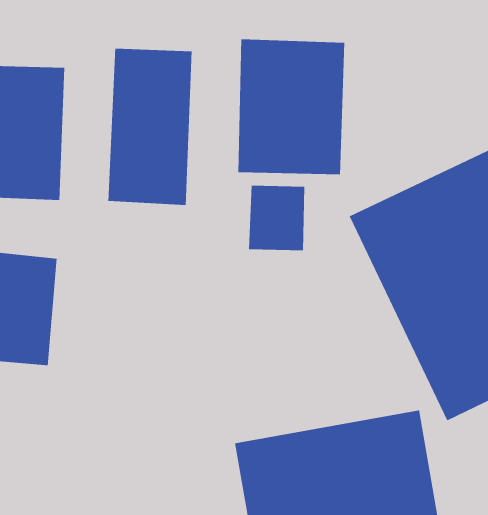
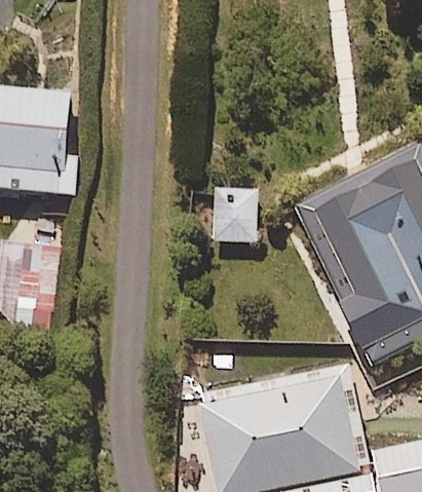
building: [238,39,345,175] -> none
building: [108,48,192,206] -> none

